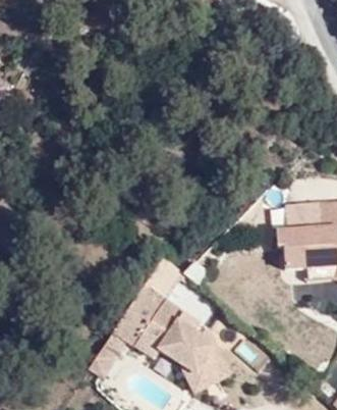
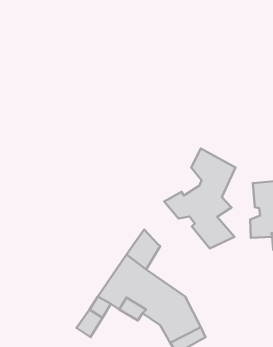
building: none -> [164,148,236,249]

